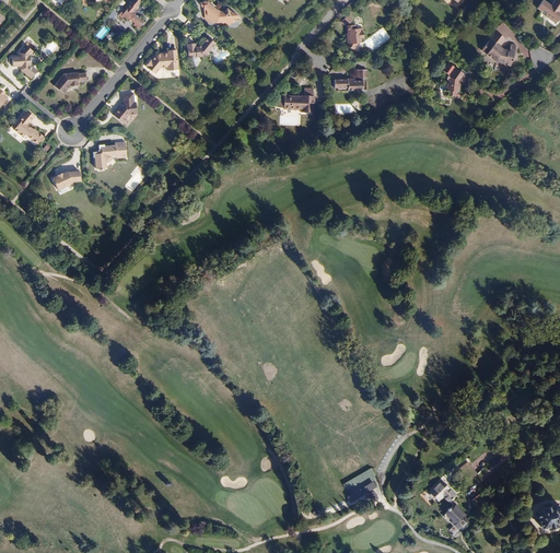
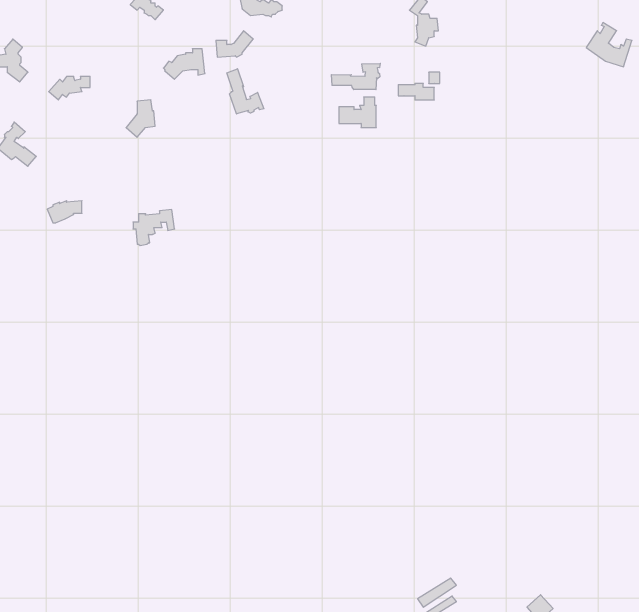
building: none -> [332,63,380,90]
building: [443,63,467,96] -> none
building: none -> [227,69,264,114]
building: [93,140,126,168] -> [133,210,175,246]

